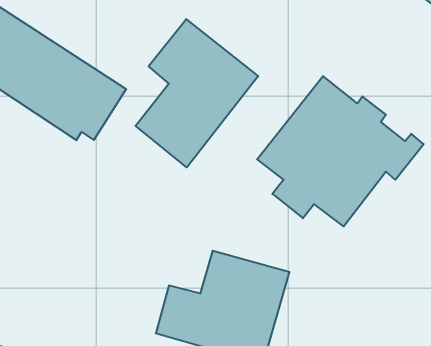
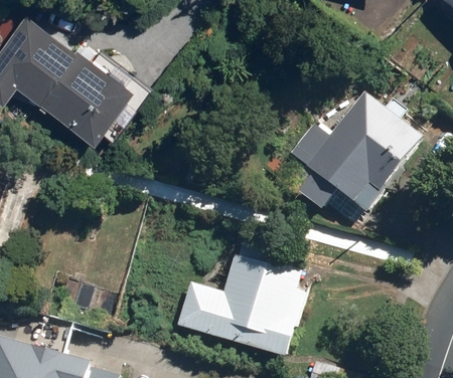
building: [136,19,258,167] -> none

